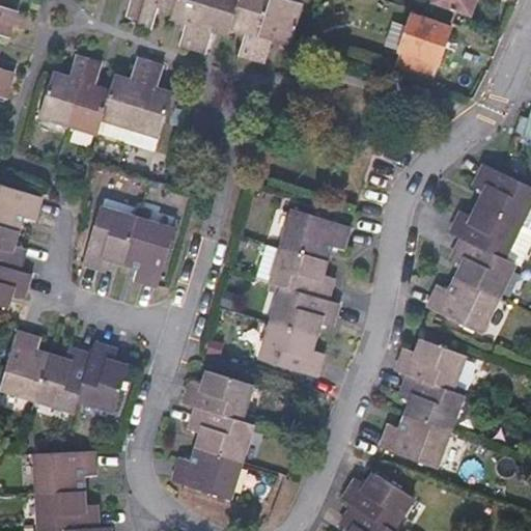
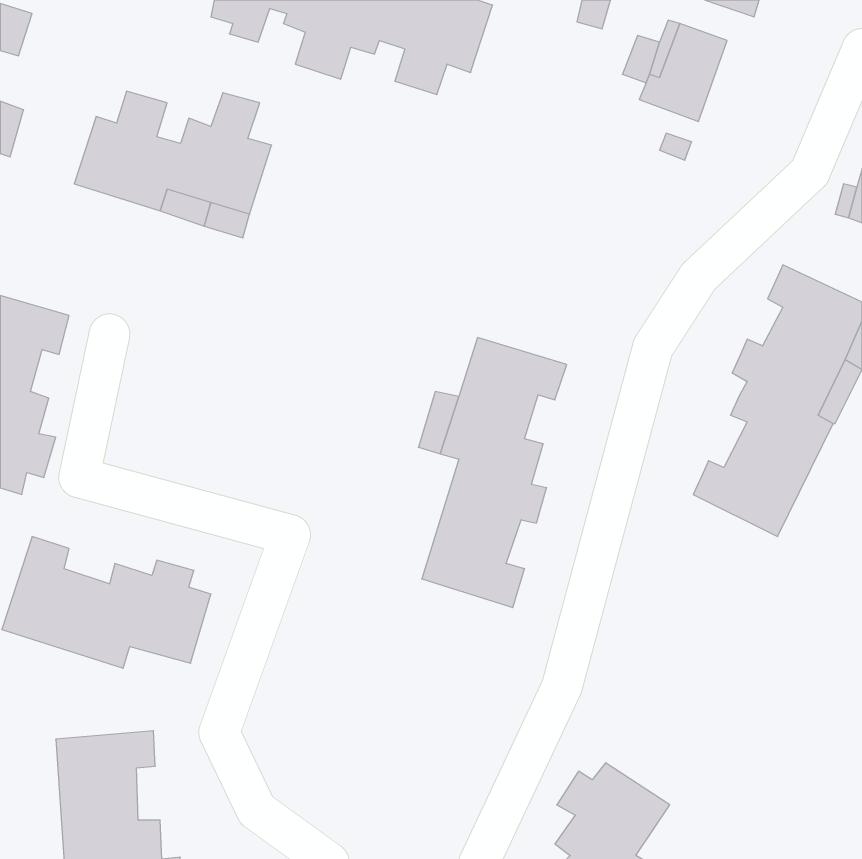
building: [86,208,177,287] -> none
building: [380,336,467,468] -> none
building: [177,370,253,495] -> none

